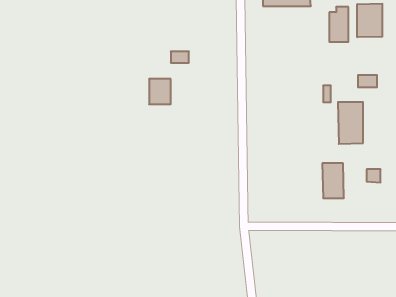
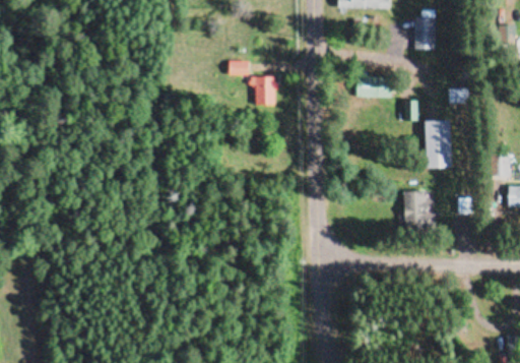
building: [357,4,382,37] -> none
building: none -> [361,77,394,96]
building: [149,79,171,104] -> [252,76,277,106]

